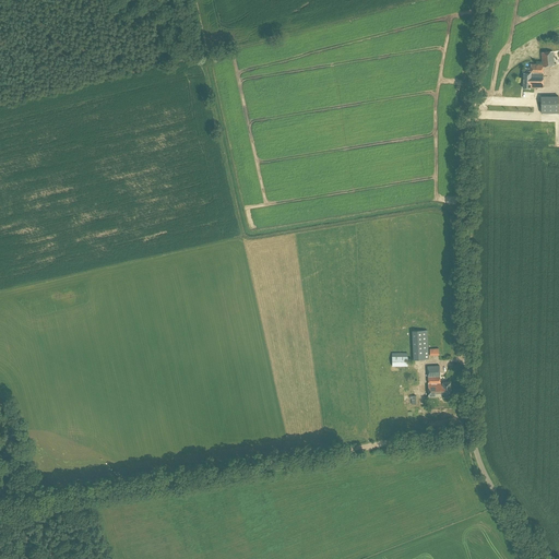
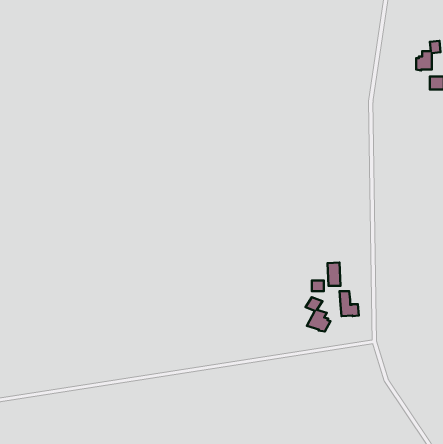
building: none -> [305,297,330,331]

